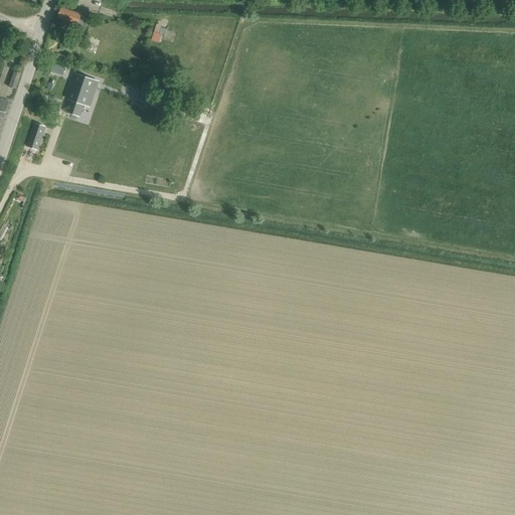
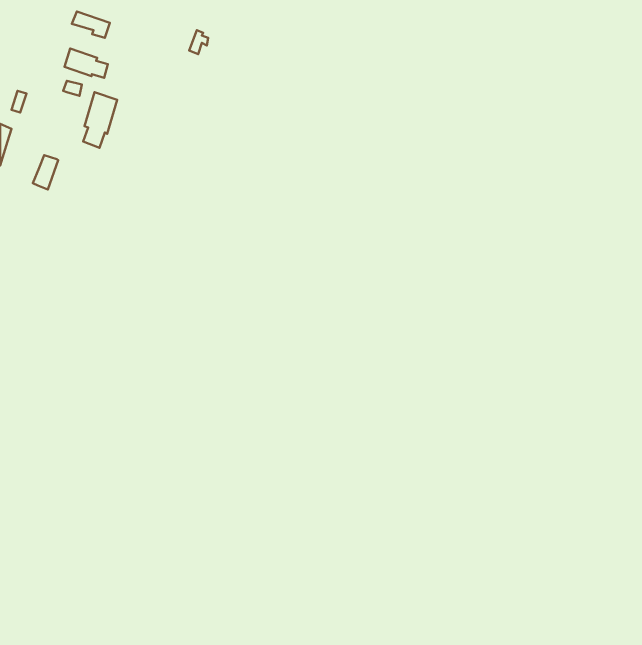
building: none -> [65,48,108,78]

